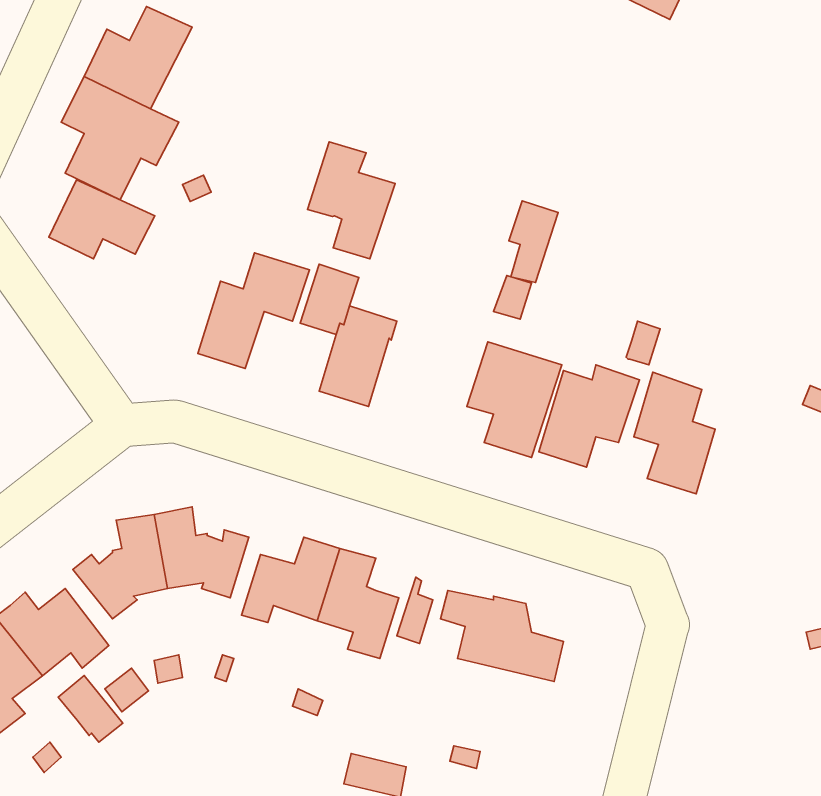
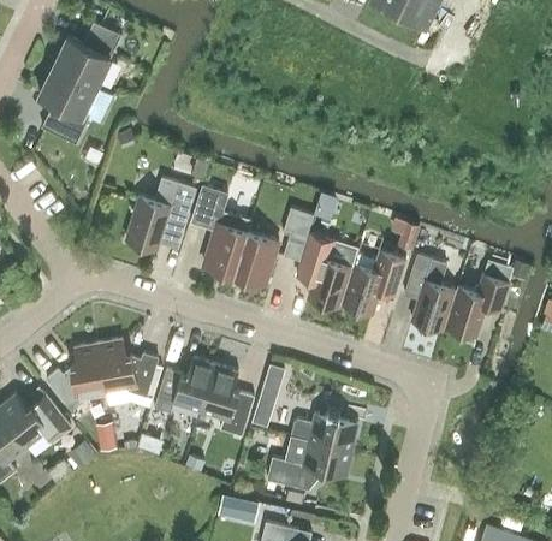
building: [307,142,395,259] -> none
building: [49,180,155,259] -> none
building: [509,201,558,283] -> [283,208,314,260]
building: none -> [235,232,279,285]
building: none -> [446,274,510,337]
building: none -> [267,435,352,489]
building: [58,675,123,742] -> none

